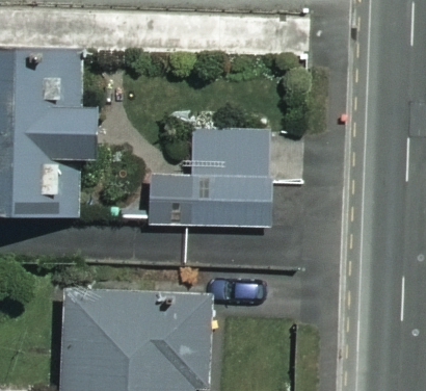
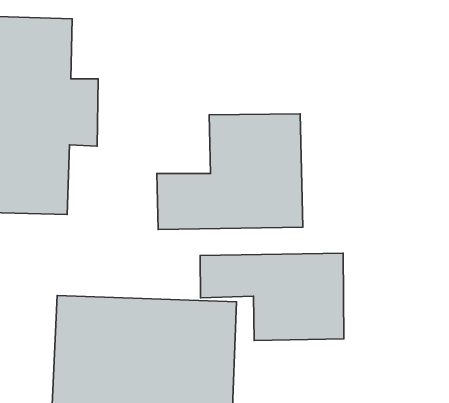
building: none -> [200,253,344,341]

